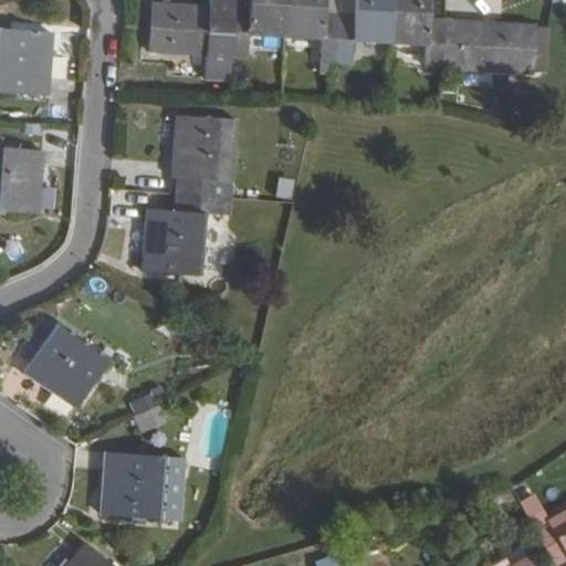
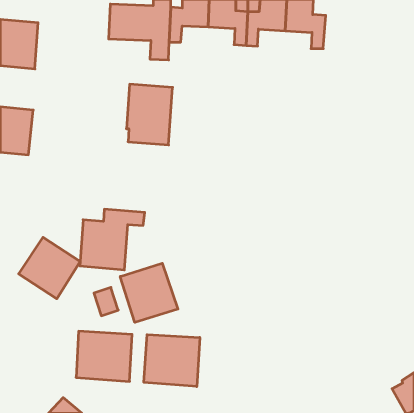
building: [441,21,536,72] -> none
building: [142,193,230,276] -> [80,209,145,270]
building: none -> [120,263,178,322]
building: none -> [144,335,200,387]

